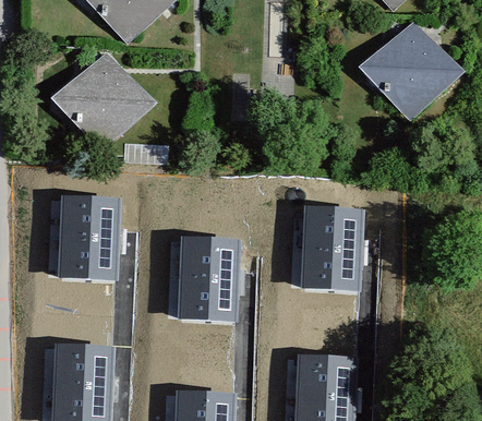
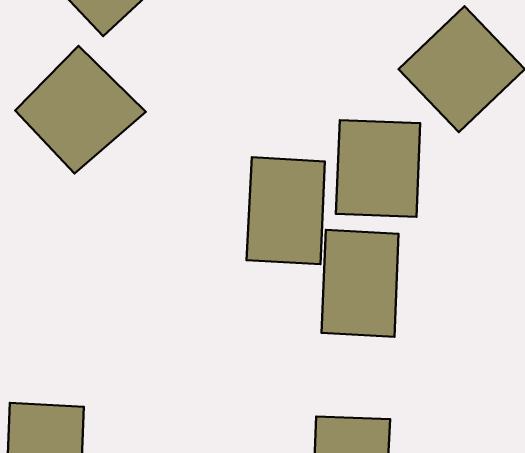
building: none -> [336,120,420,217]
building: [57,193,119,277] -> none
building: [177,234,239,320] -> [246,157,325,264]

